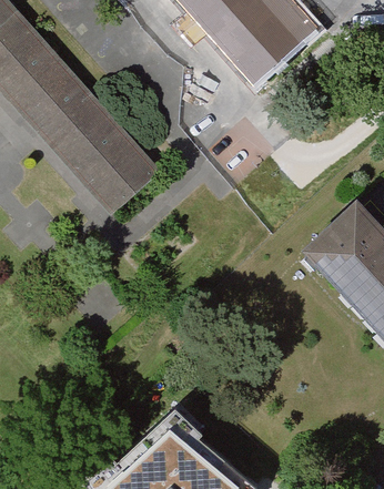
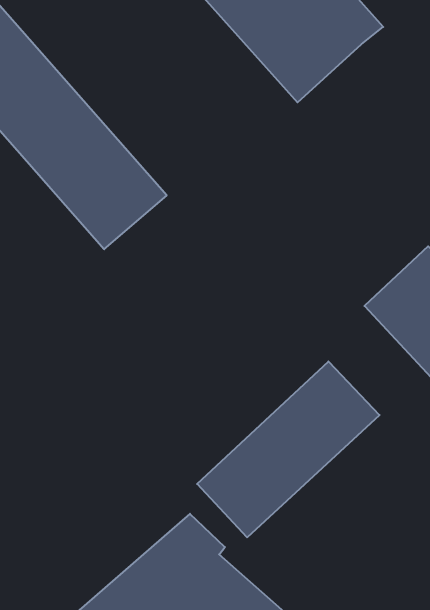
building: none -> [197,361,380,537]

